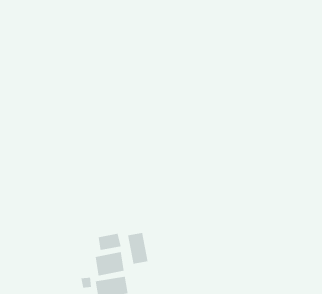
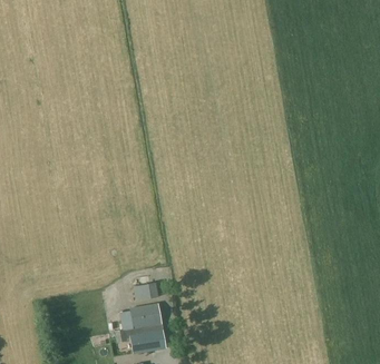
building: [127,232,148,264] -> none

